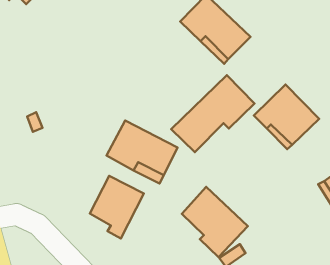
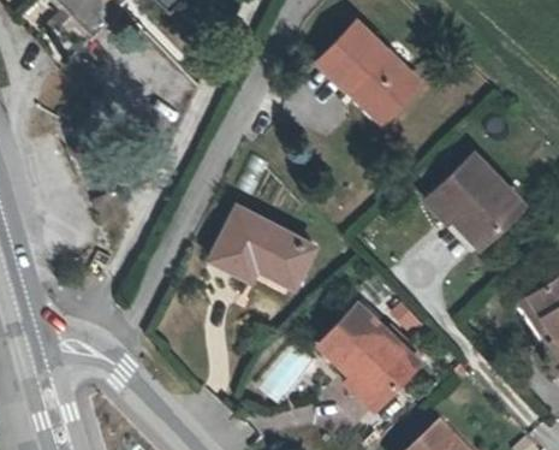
building: [171,75,255,152] -> none
building: [90,176,144,238] -> none

